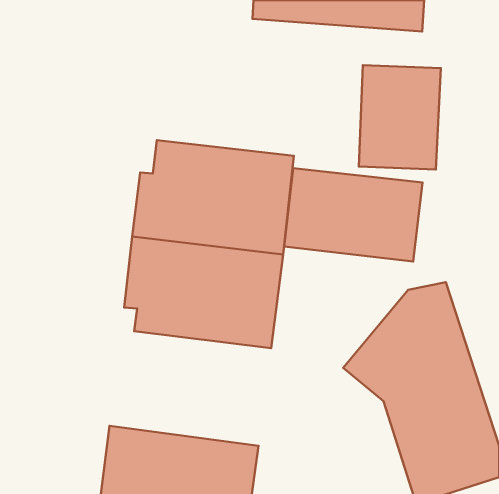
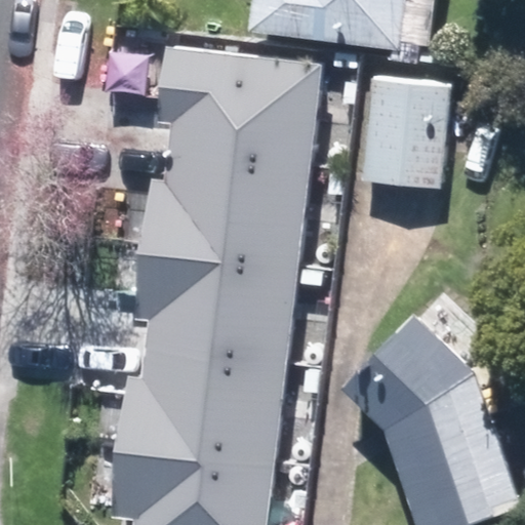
building: none -> [152,55,317,172]
building: [284,168,422,262] -> none
building: none -> [114,355,282,474]

